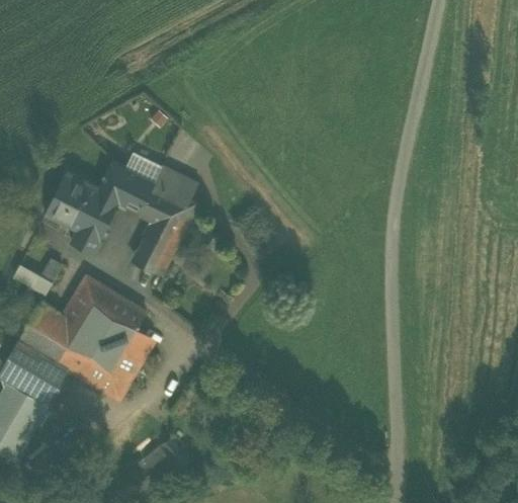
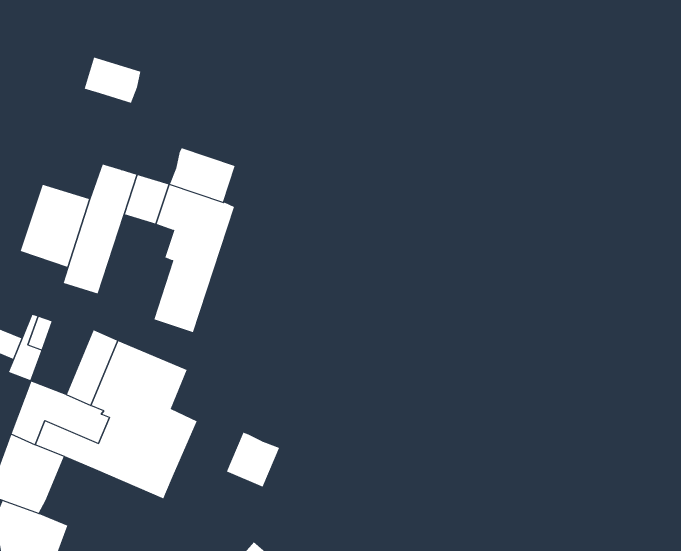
building: [123,152,164,187] -> [84,57,141,103]
building: [30,358,73,406] -> none
building: none -> [226,432,280,487]

